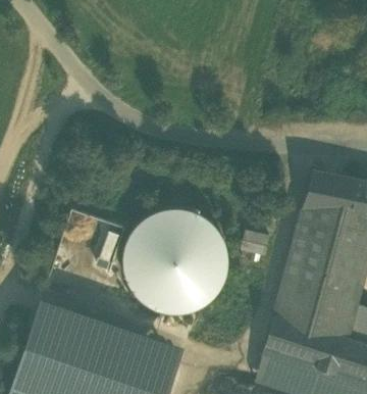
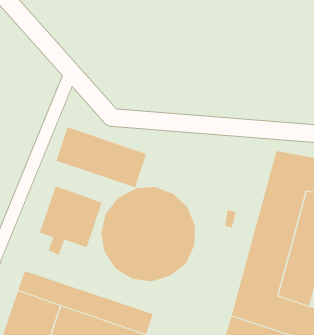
building: none -> [56,127,147,188]

